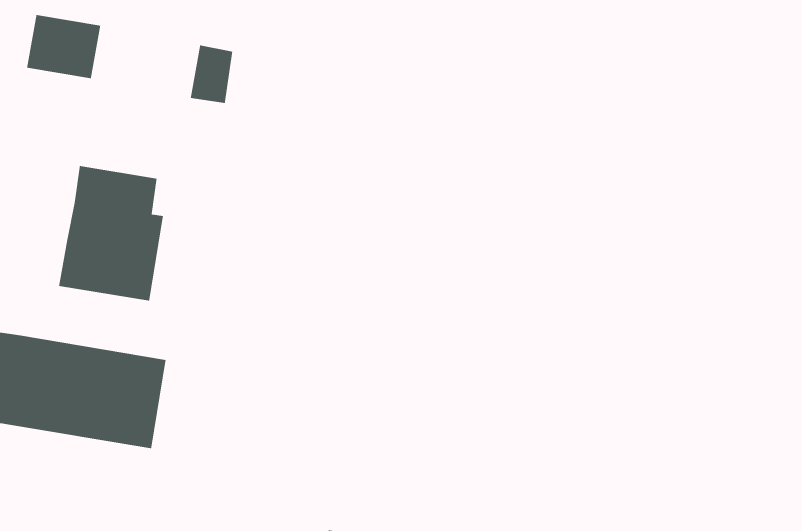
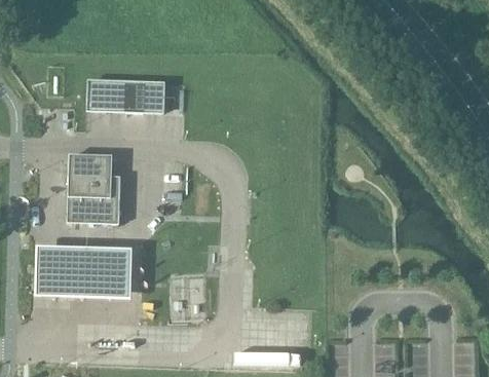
building: [26,14,101,79] -> [88,78,125,109]
building: none -> [144,80,166,109]

